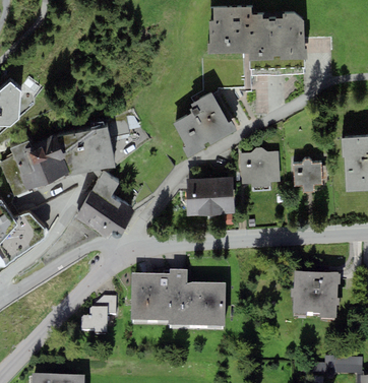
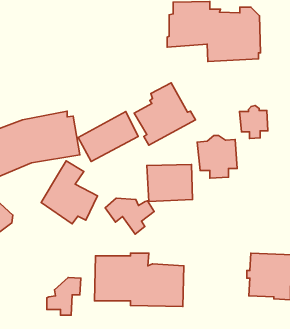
building: none -> [78,111,138,161]
building: [293,157,322,192] -> [240,106,268,139]
building: none -> [105,198,154,234]

